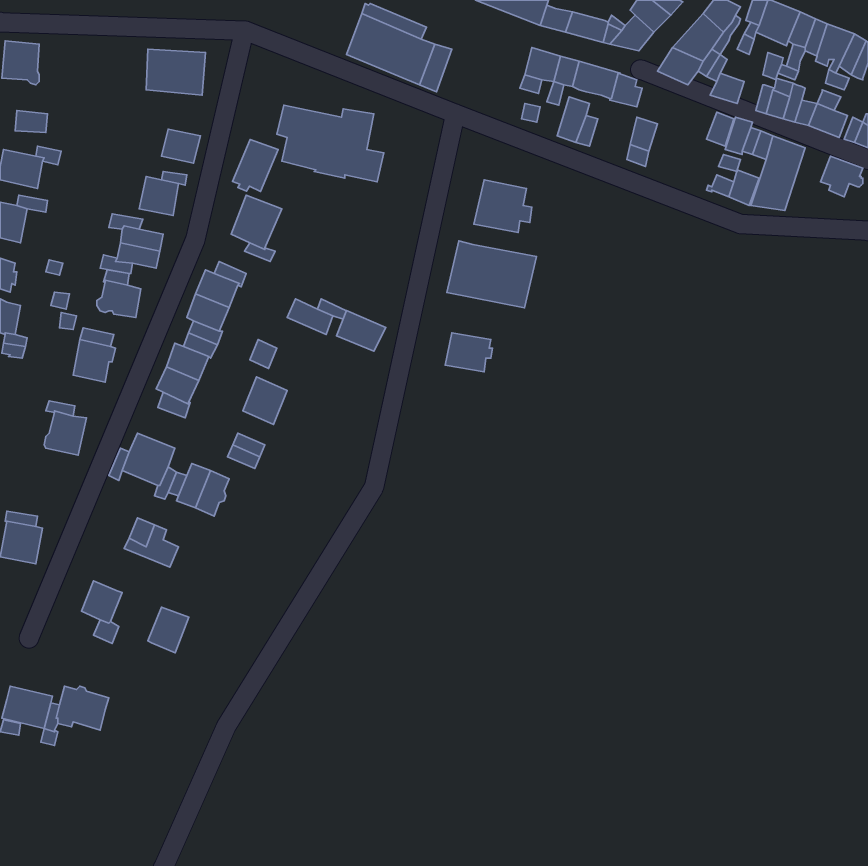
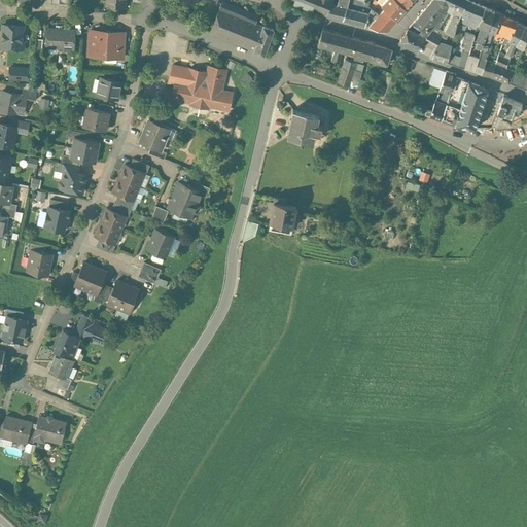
building: none -> [46,29,75,49]
building: [233,139,278,192] -> none
building: [447,241,536,308] -> none
building: [336,310,386,351] -> [168,194,198,218]
building: [148,607,189,653] -> [55,331,79,359]

